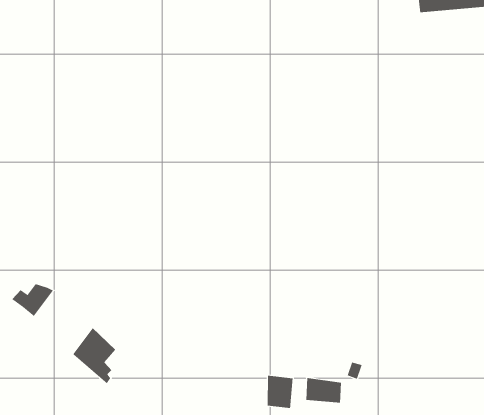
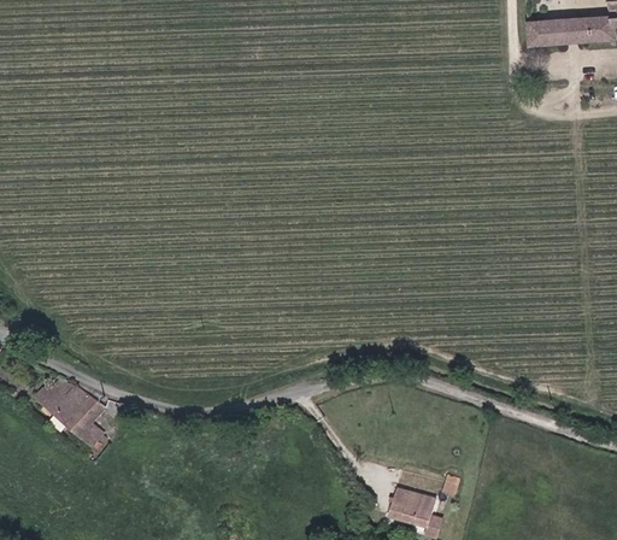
building: [73,327,116,384] -> [58,386,111,456]
building: [267,375,293,409] -> none

